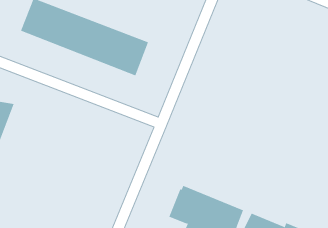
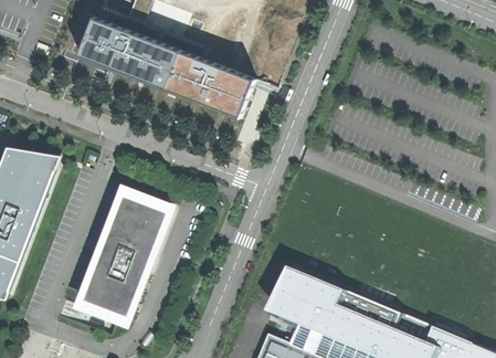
building: none -> [78,193,166,318]

